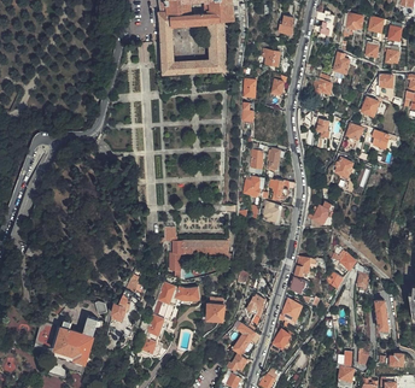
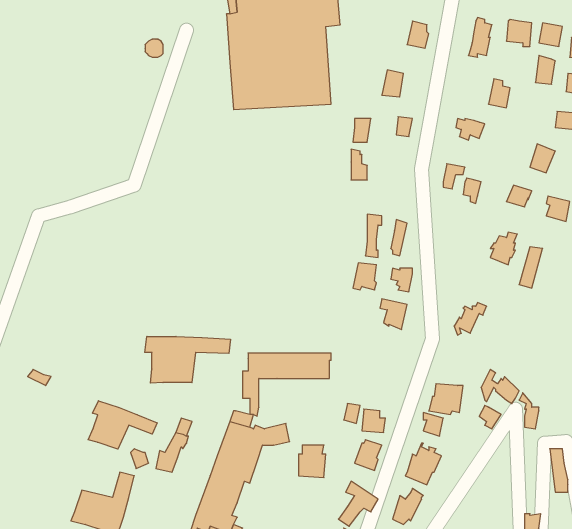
building: none -> [145,336,230,383]
building: none -> [88,401,157,449]

